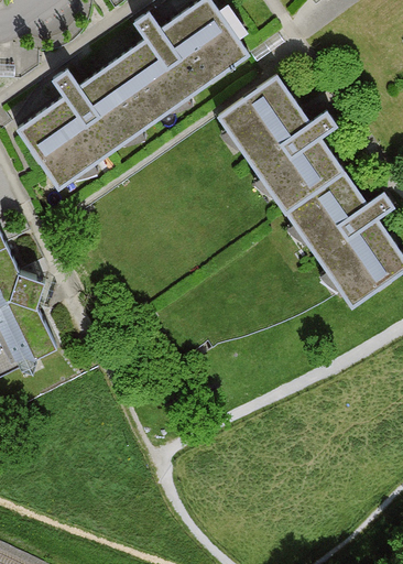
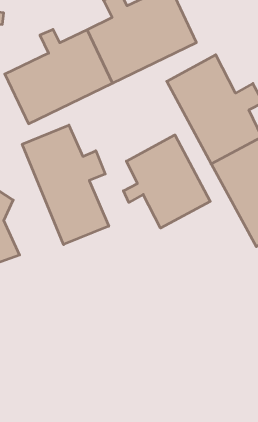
building: none -> [123,135,210,228]
building: none -> [22,125,109,245]

